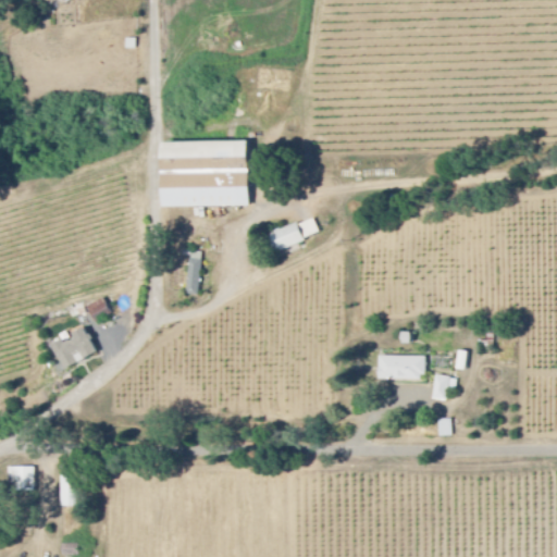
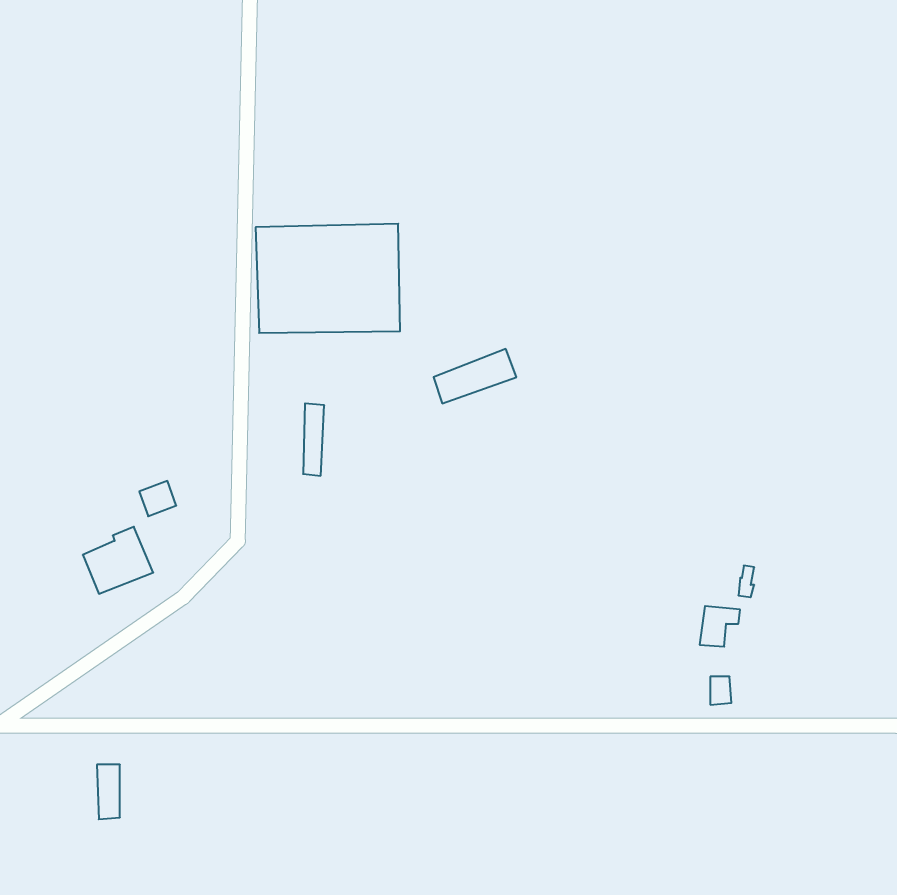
building: [377,354,424,379] -> none
building: [7,466,33,488] -> none

